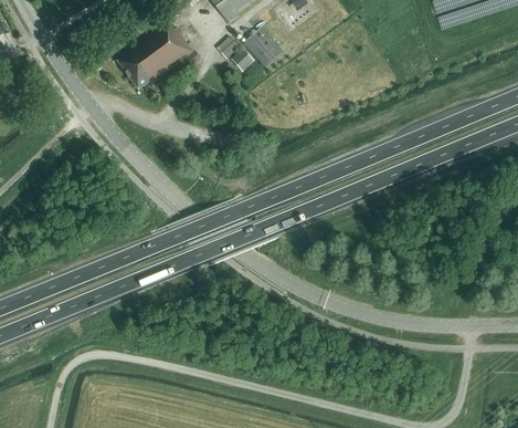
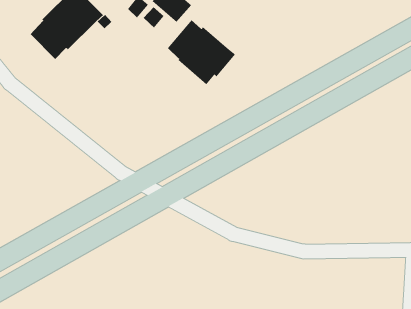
building: none -> [167,19,236,85]

